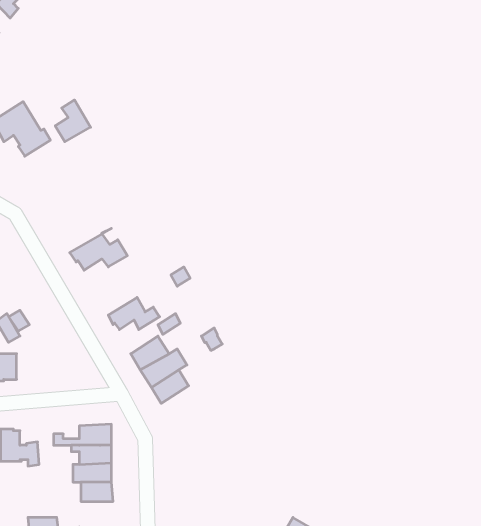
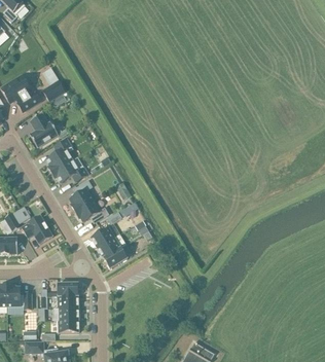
building: none -> [30,113,58,147]
building: none -> [46,140,78,173]
building: none -> [69,181,95,213]
building: none -> [22,215,52,245]

